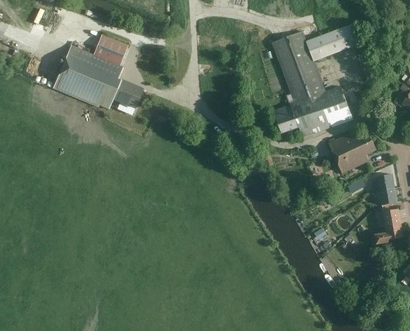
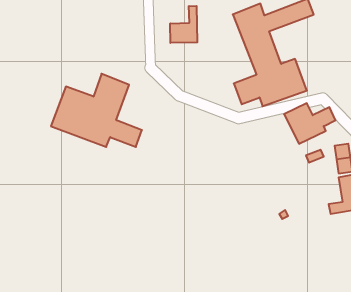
building: [48,32,140,106] -> [51,74,142,147]
building: none -> [170,6,197,43]

